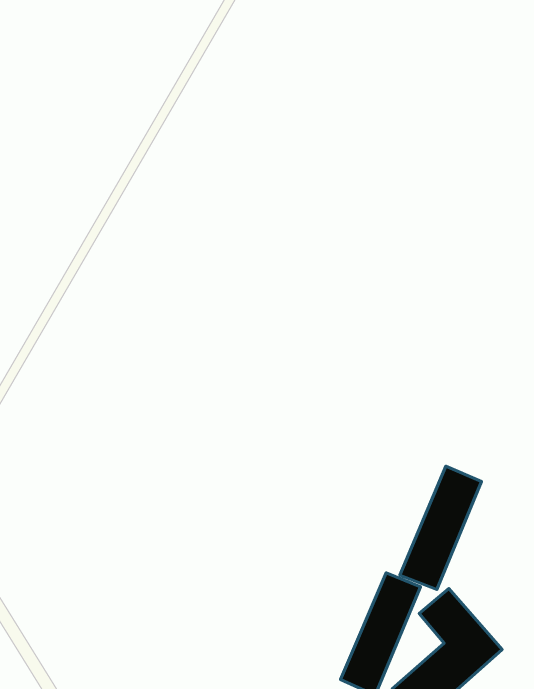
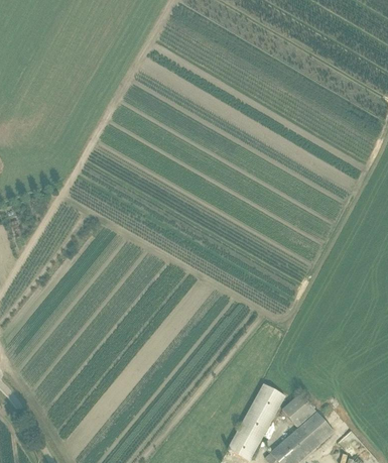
building: [400,466,482,590] -> none

